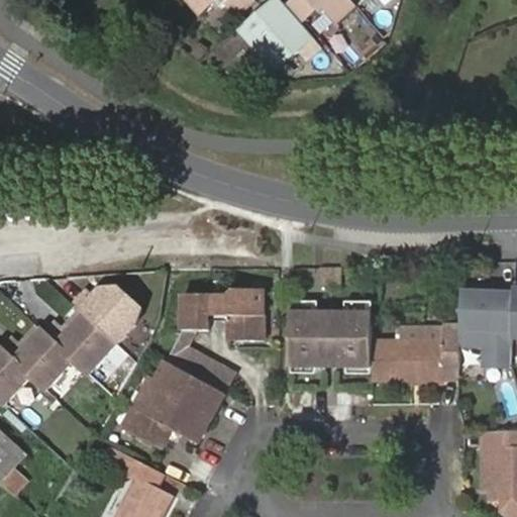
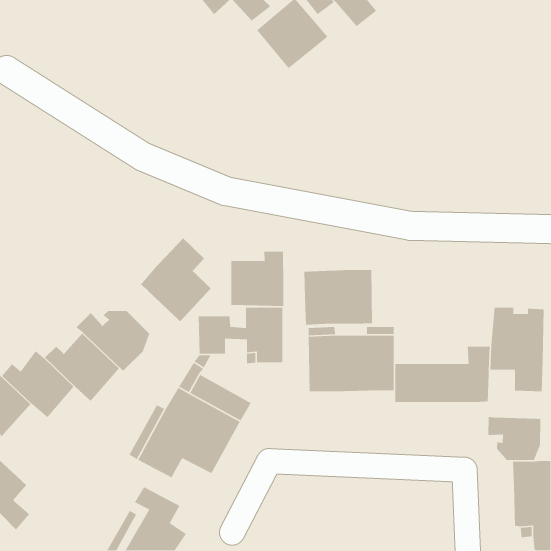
building: none -> [140,237,212,322]
building: none -> [231,251,284,307]
building: none -> [303,269,373,325]
building: none -> [488,416,541,461]

